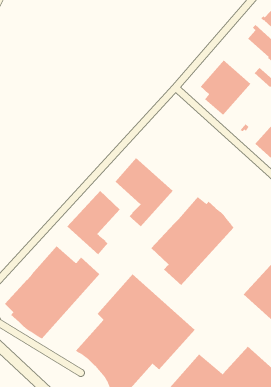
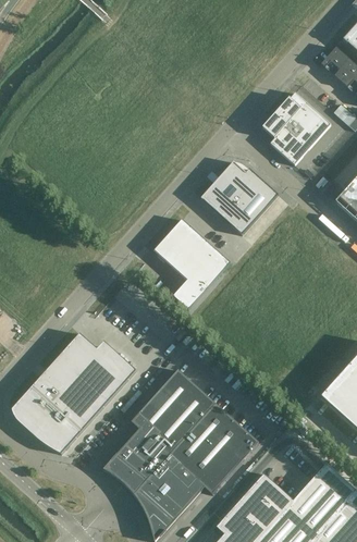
building: none -> [200,160,278,234]
building: [67,190,120,255] -> none
building: [151,196,234,286] -> none

